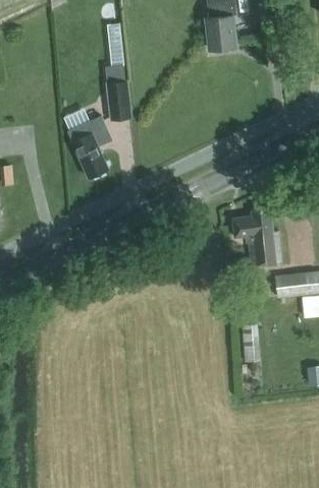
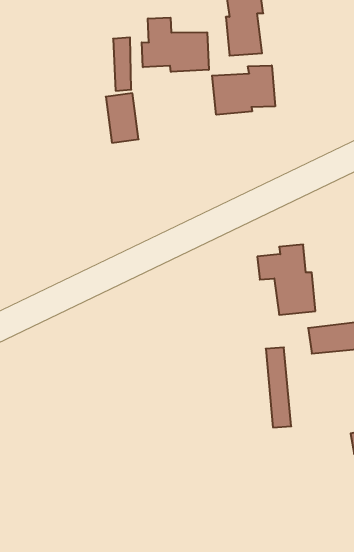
building: none -> [142,18,209,72]
building: none -> [212,65,275,115]
building: [68,117,110,176] -> none

